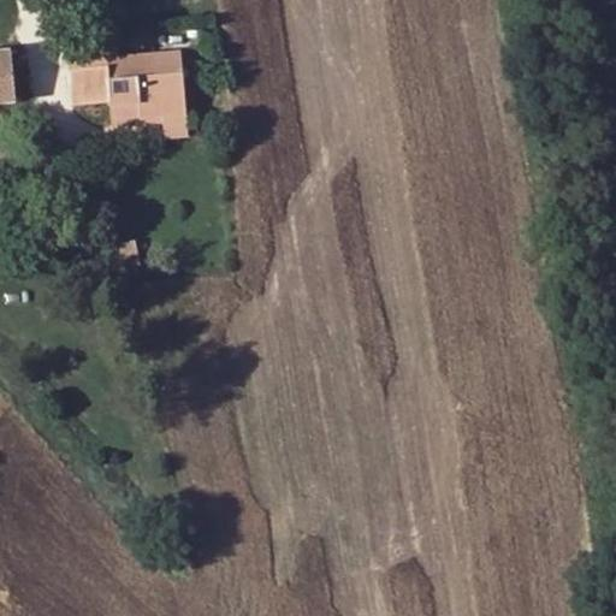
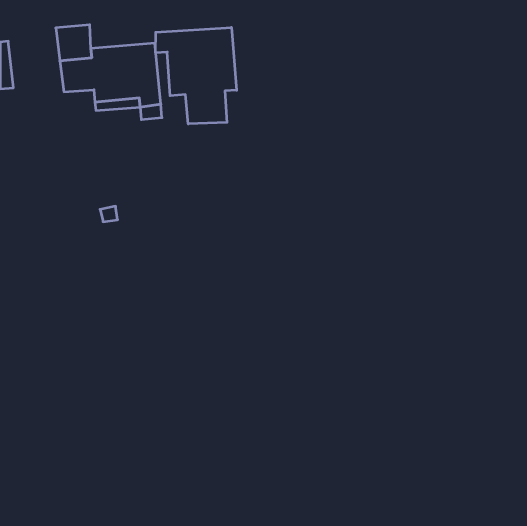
building: none -> [156,27,237,124]

